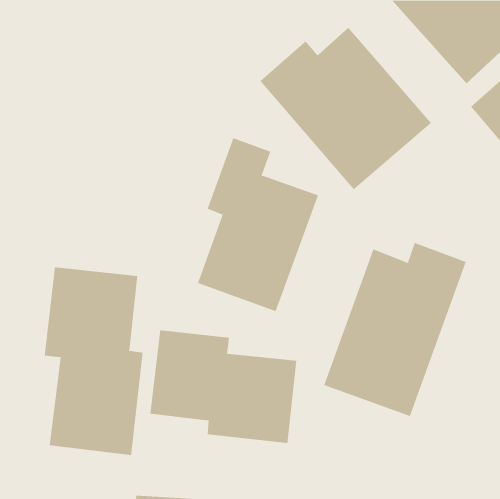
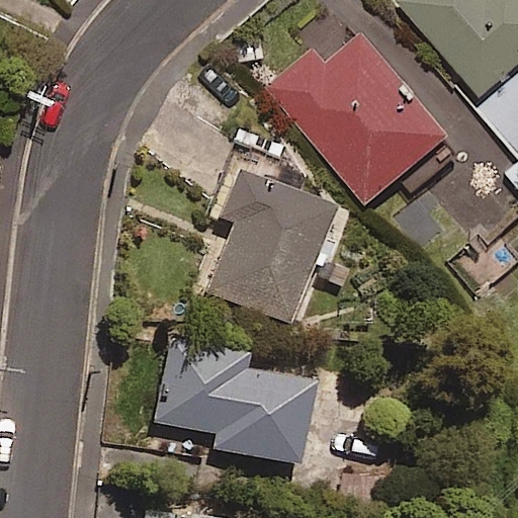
building: [323,242,466,417] -> none
building: [44,267,143,456] -> none

